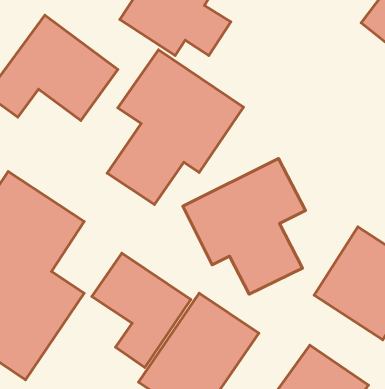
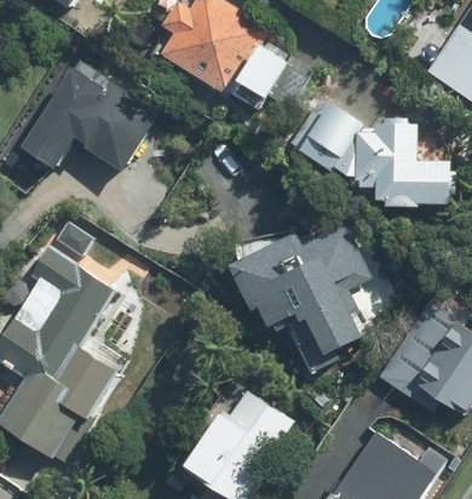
building: none -> [281,92,451,205]
building: [107,50,243,204] -> none
building: [92,253,191,367] -> none

